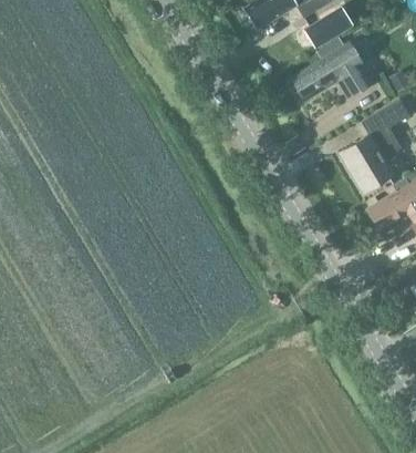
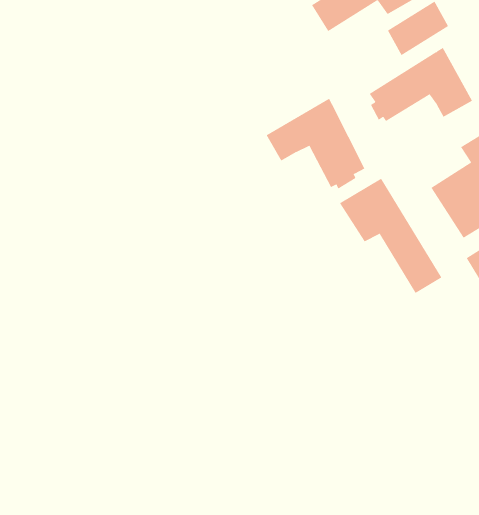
building: none -> [266,98,365,189]
building: none -> [339,178,442,294]

